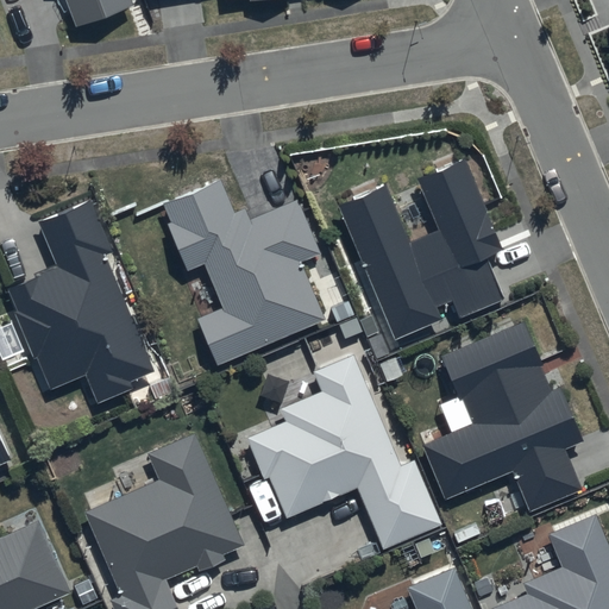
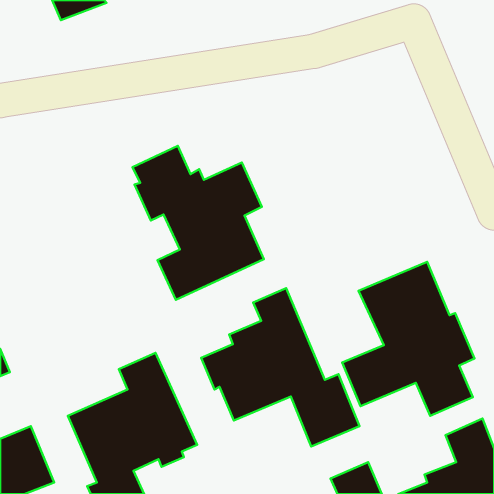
building: [338,161,504,343] -> none
building: [8,200,153,403] -> none

